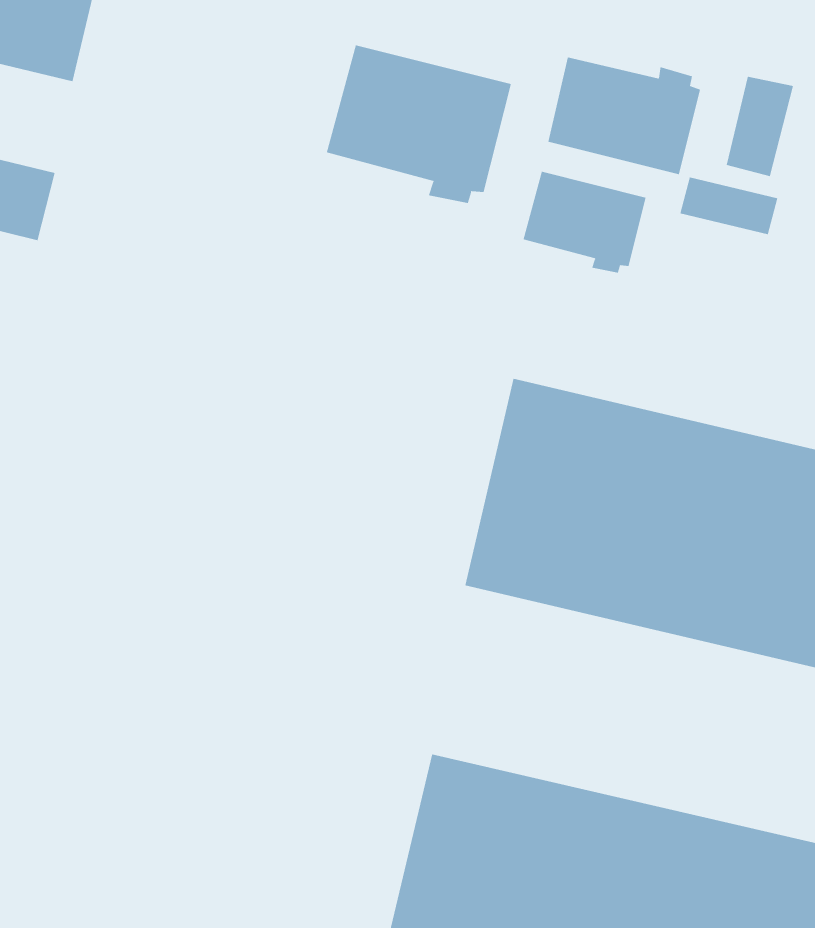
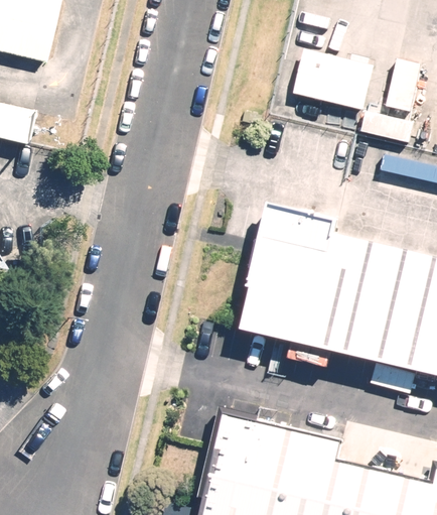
building: [326,44,511,204] -> none
building: [523,171,646,274] -> none

